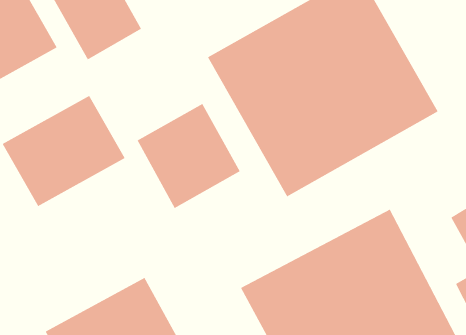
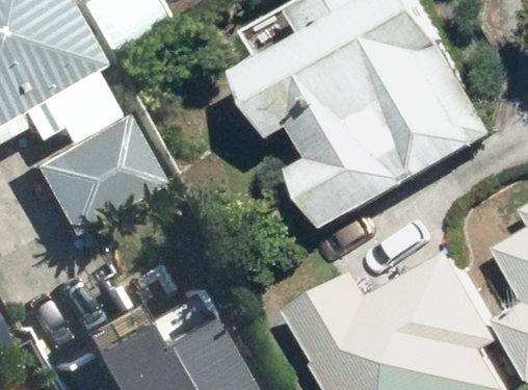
building: [137,103,241,209] -> none

